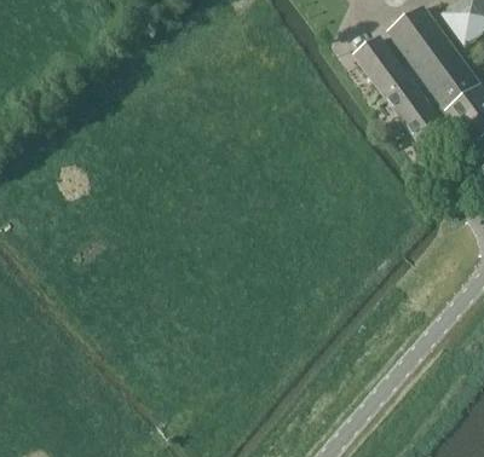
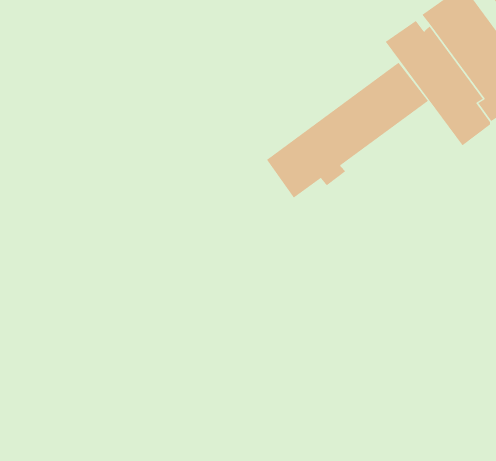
building: none -> [266,62,429,199]

